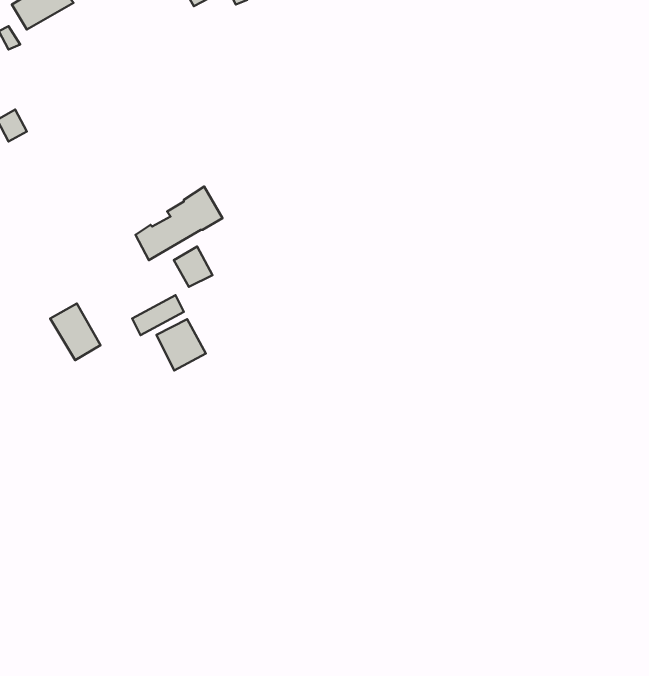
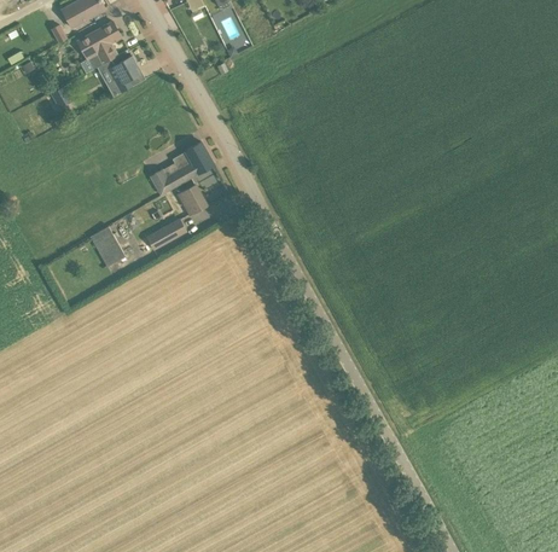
building: none -> [76,21,121,66]
building: none -> [106,54,144,92]
building: [157,319,206,371] -> none

